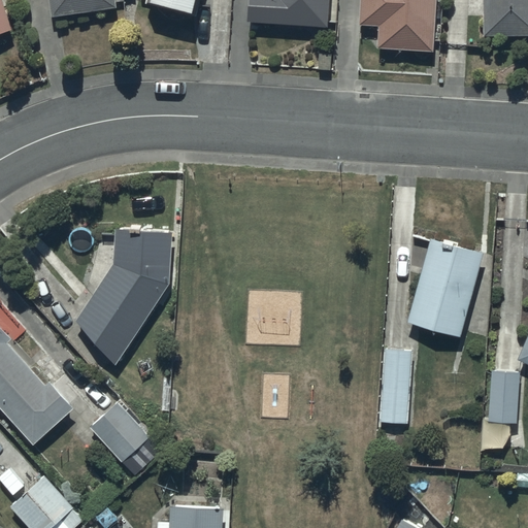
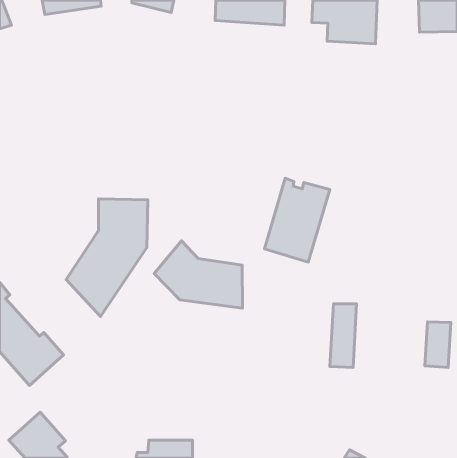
building: [408,239,484,336] -> [264,178,330,262]
building: none -> [154,241,243,308]
building: [89,402,150,463] -> none

